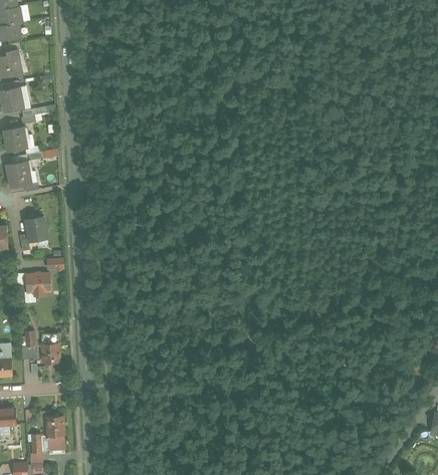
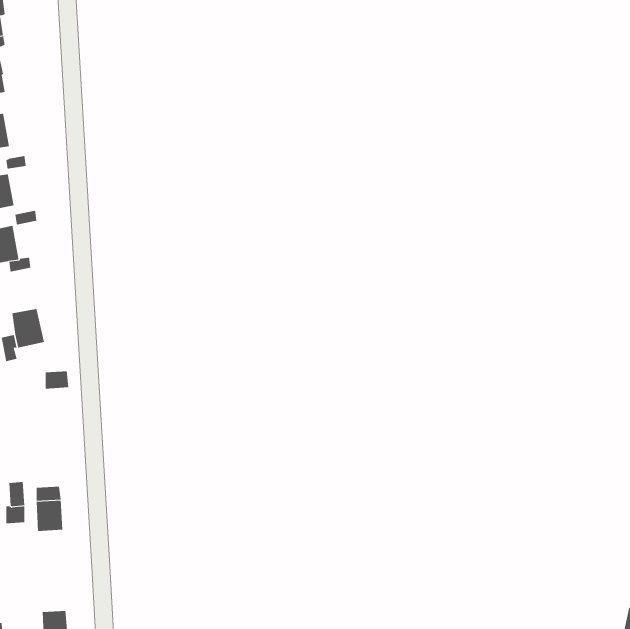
building: [25,273,49,295] -> none

